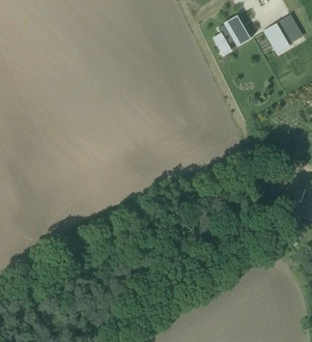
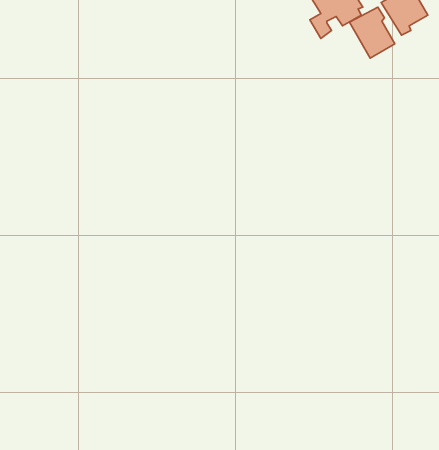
building: none -> [349,7,395,58]

